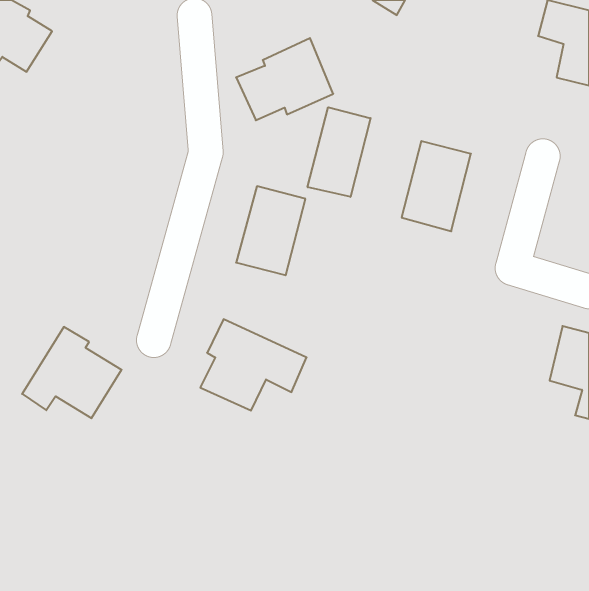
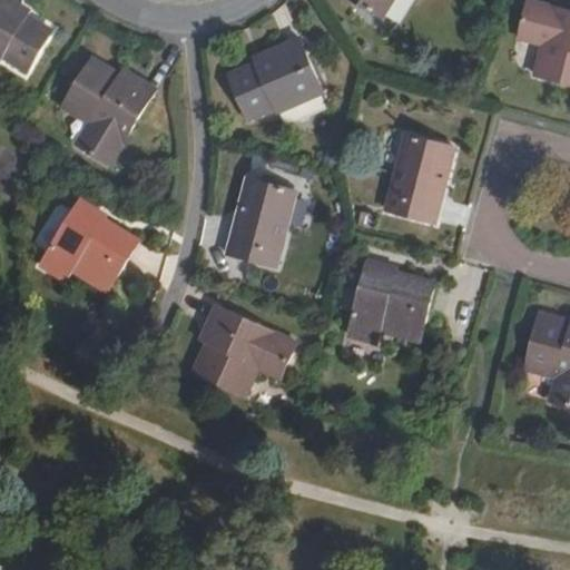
building: none -> [63,57,155,161]
building: [308,107,371,197] -> none
building: none -> [351,261,434,342]
building: [22,327,122,418] -> [41,200,137,288]

